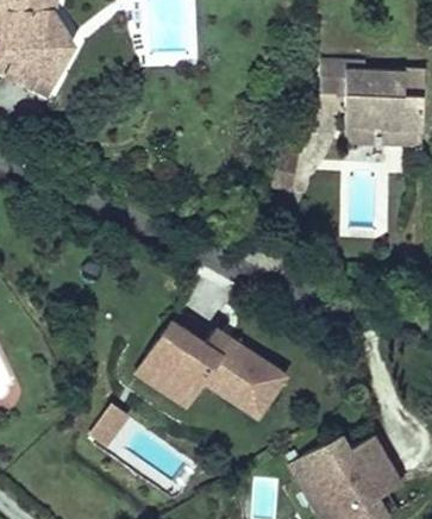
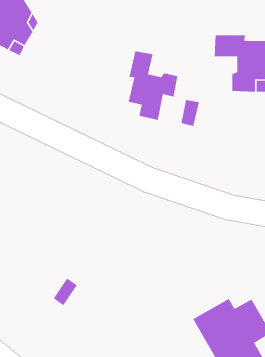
building: none -> [128,50,178,121]
building: [137,319,287,417] -> none

